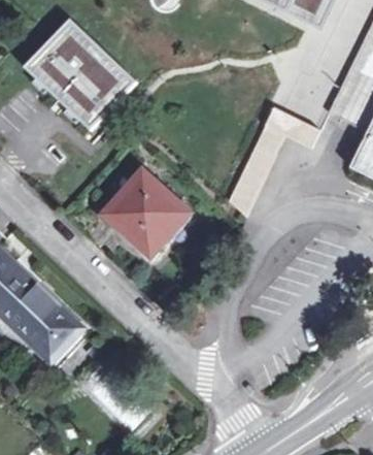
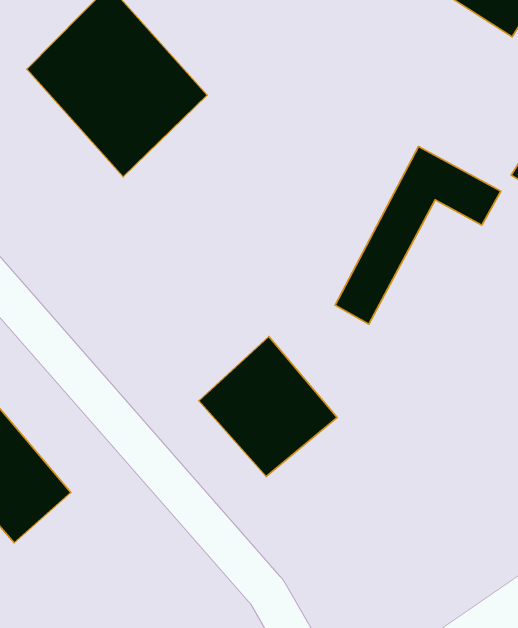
building: [105,172,190,257] -> [199,337,337,476]

